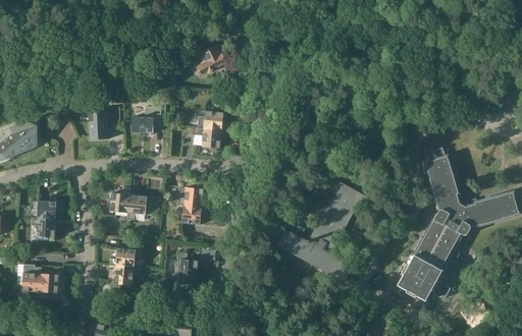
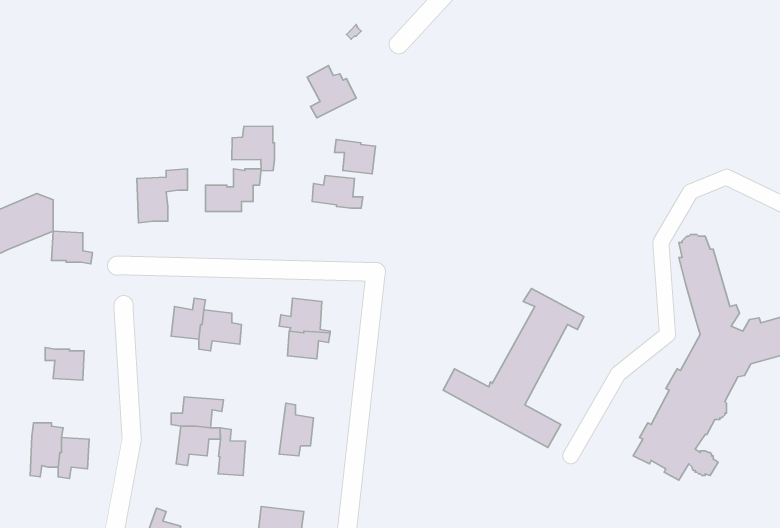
building: none -> [232,126,274,171]
building: [196,126,221,148] -> [335,140,375,174]
building: [37,200,62,220] -> [52,231,93,264]
building: none -> [218,428,245,476]

